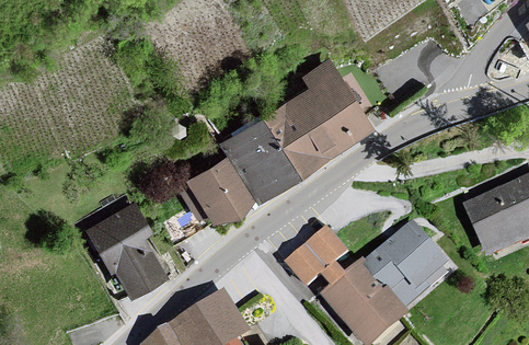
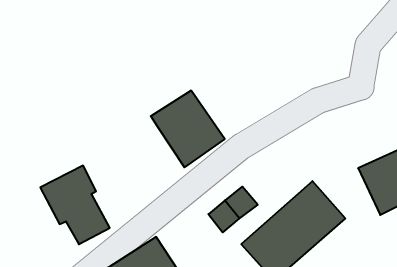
building: [266,57,375,172] -> none
building: [174,157,258,226] -> none

